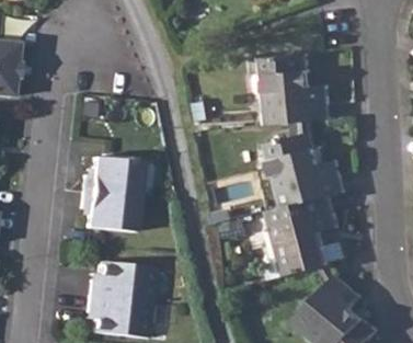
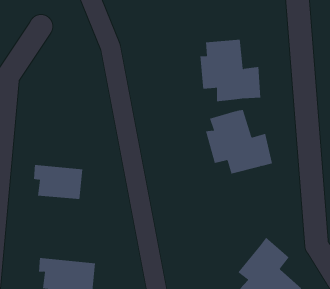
building: [78,158,136,198] -> none
building: [273,195,340,274] -> none
building: [83,262,150,304] -> none

